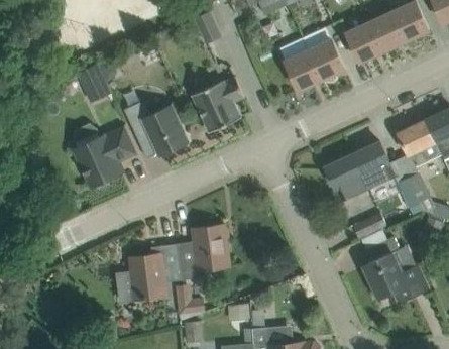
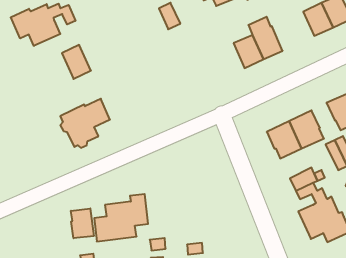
building: none -> [11,4,75,46]
building: [345,21,382,62] -> none
building: [192,77,244,131] -> none
building: [123,100,187,154] -> none
building: [177,224,229,279] -> none
building: none -> [71,208,94,238]

